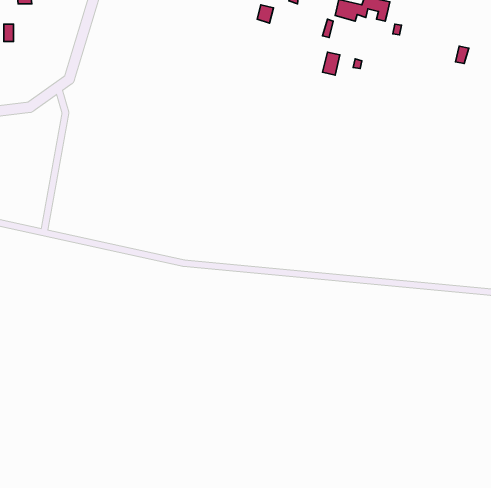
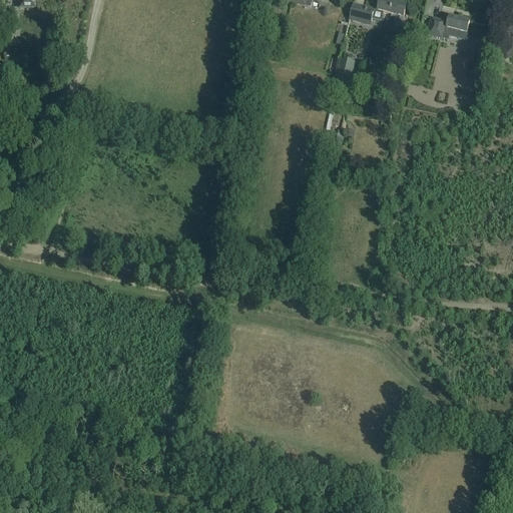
building: none -> [426,13,469,36]

